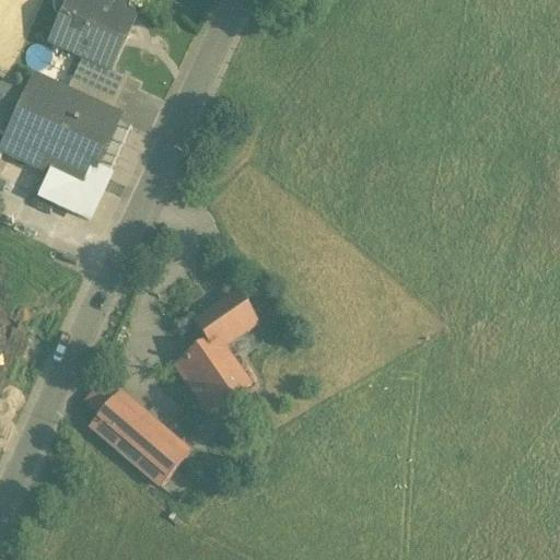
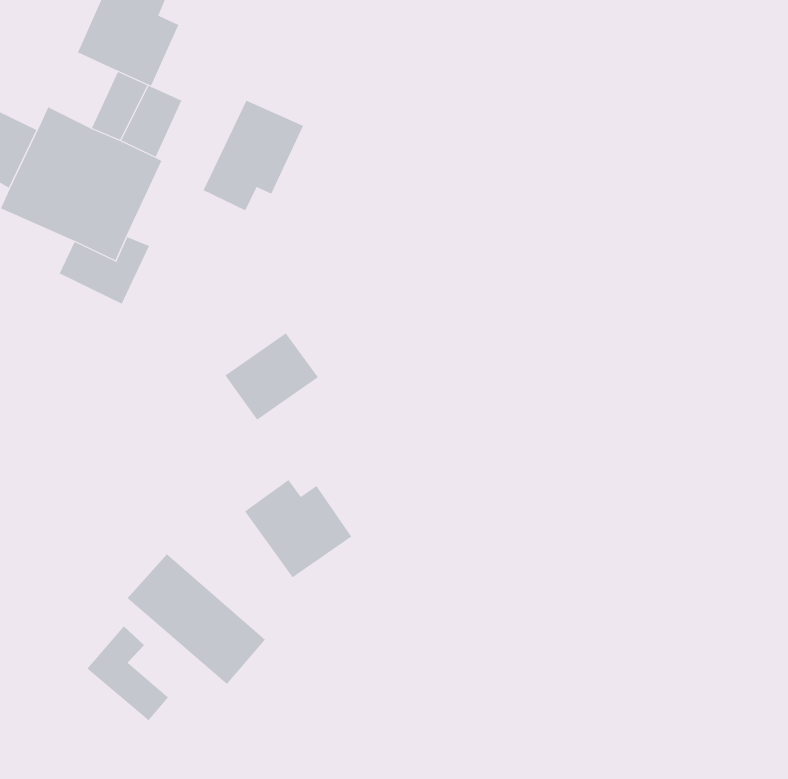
building: none -> [203,100,304,211]
building: [190,289,257,351] -> [224,332,319,420]
building: none -> [87,625,169,721]

